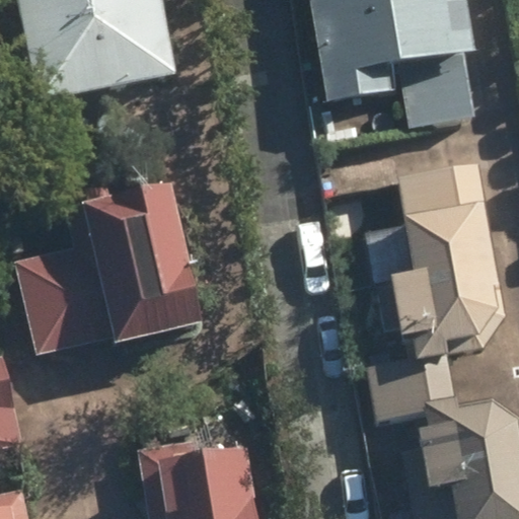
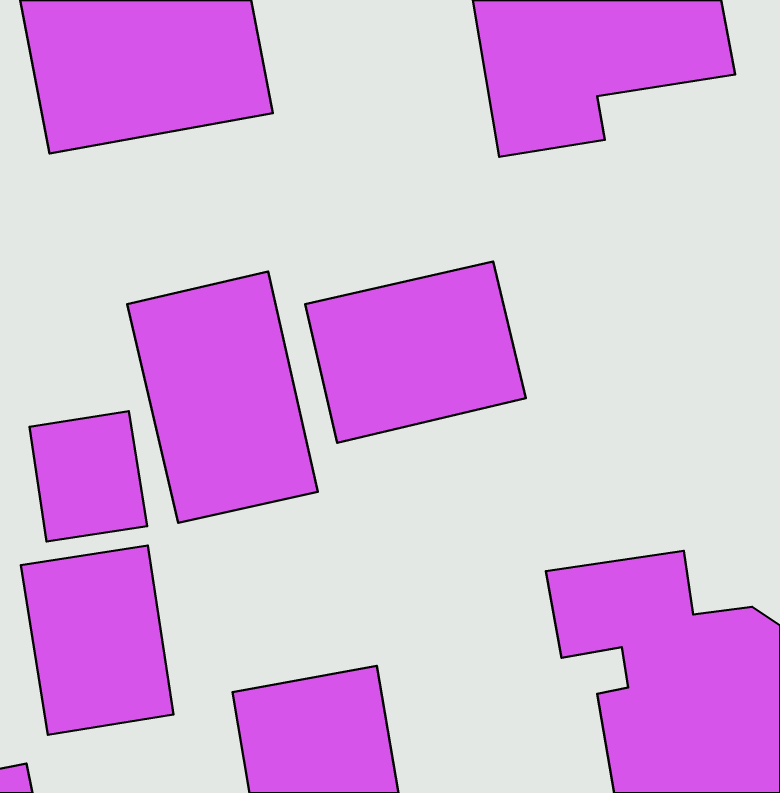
building: [381,161,501,361] -> none
building: none -> [305,261,526,443]
building: none -> [21,545,173,735]

